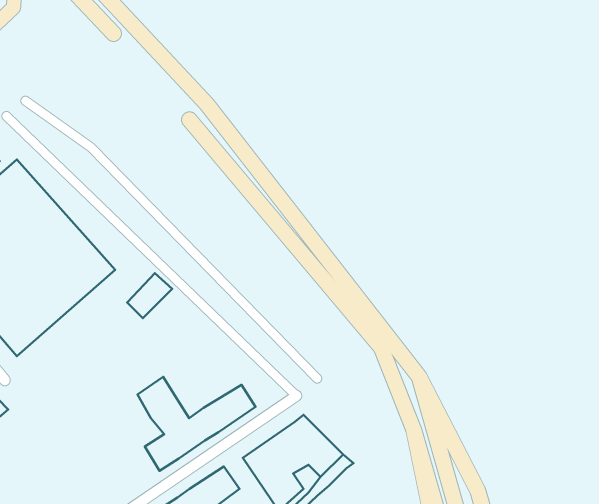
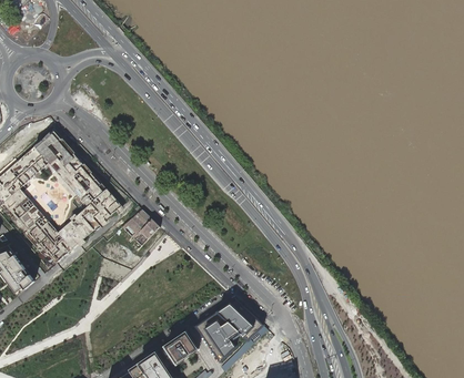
building: [138,377,255,471] -> none

